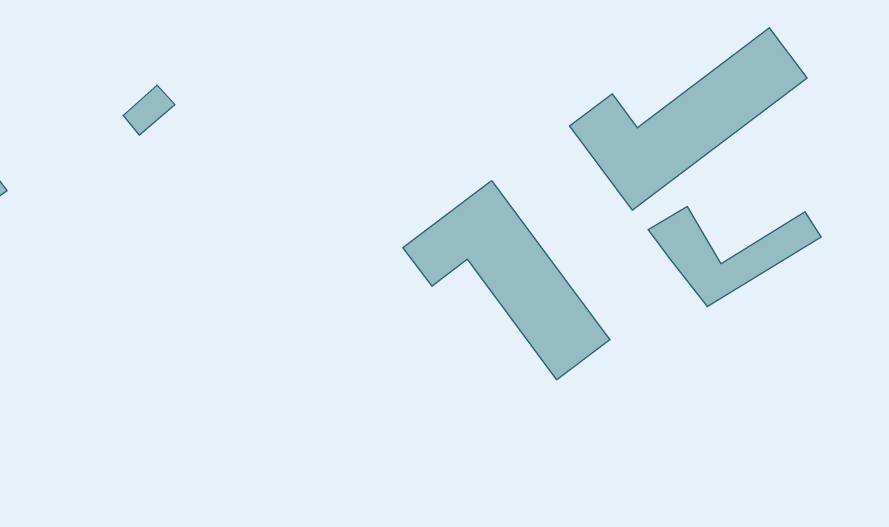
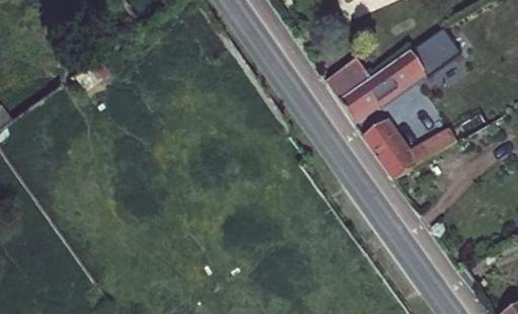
building: [403,181,610,380] -> none

